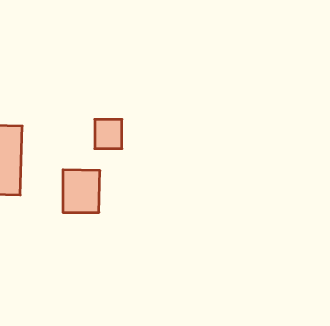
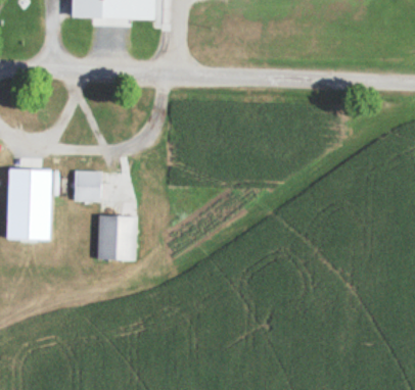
building: [95,119,122,149] -> [74,172,102,202]

